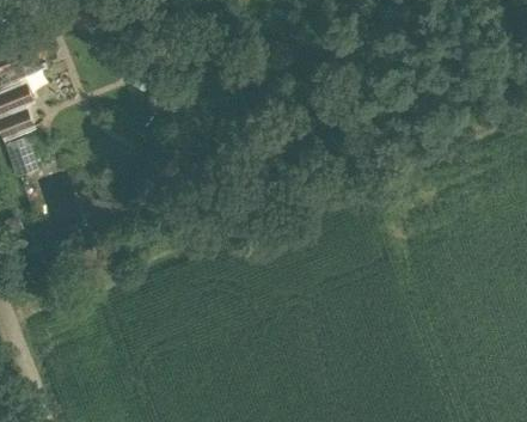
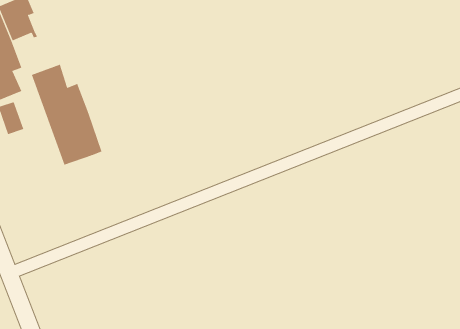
building: none -> [31,64,102,166]

